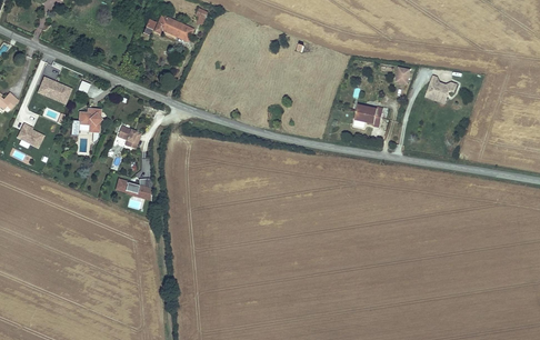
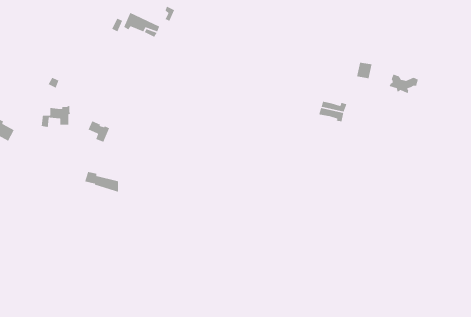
building: [37,76,71,104] -> none

